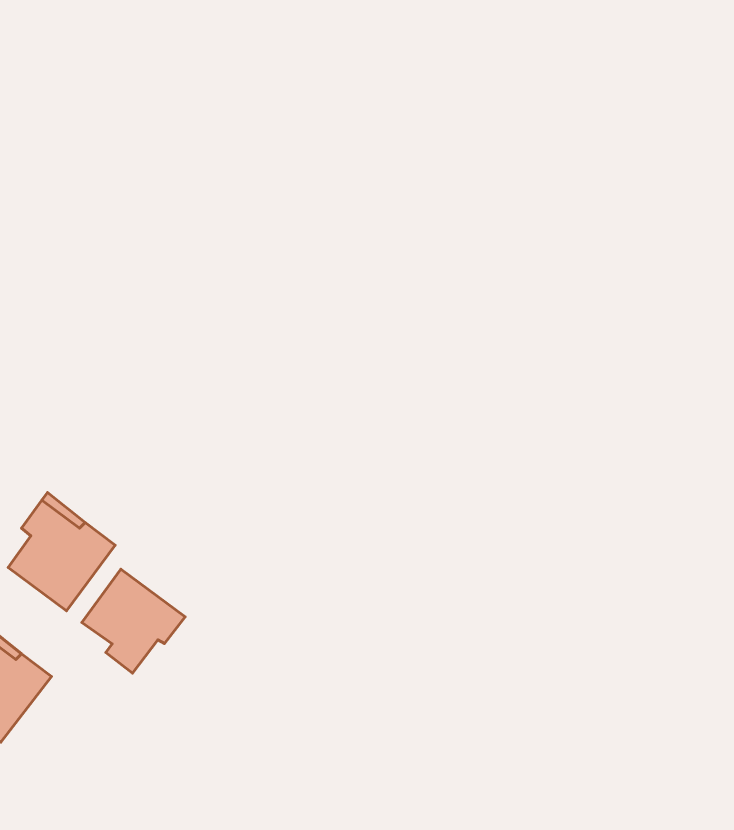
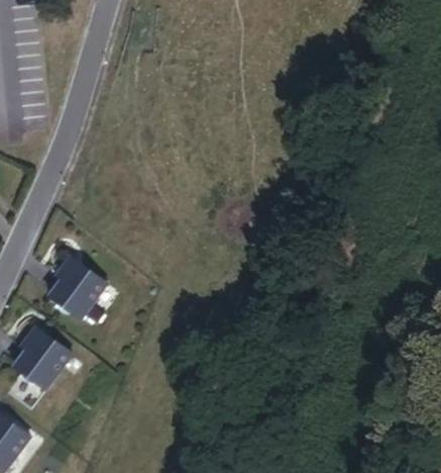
building: [82,569,185,673] -> none

